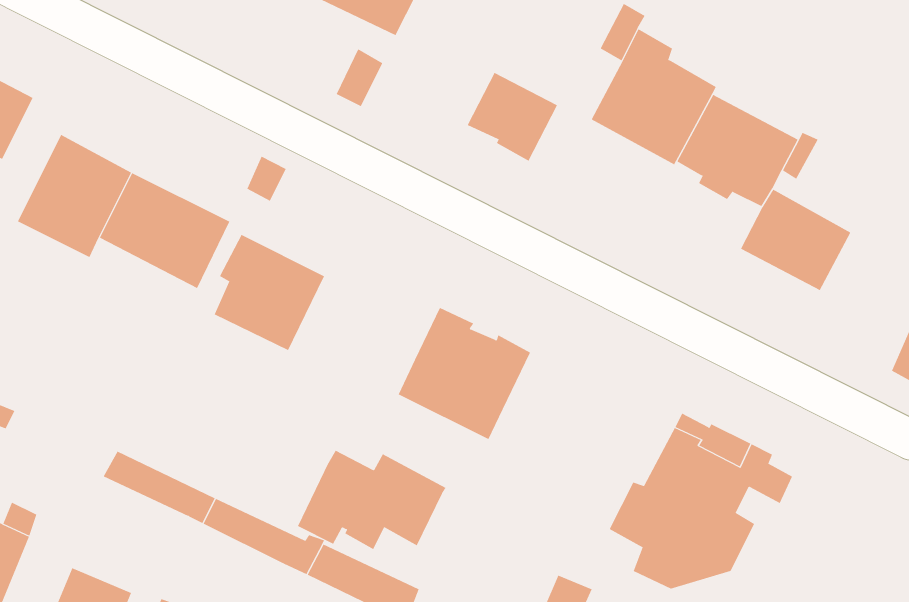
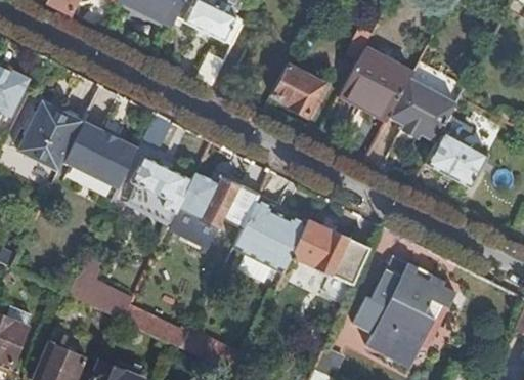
building: none -> [293,220,369,286]
building: [297,450,446,550] -> [175,173,259,229]

